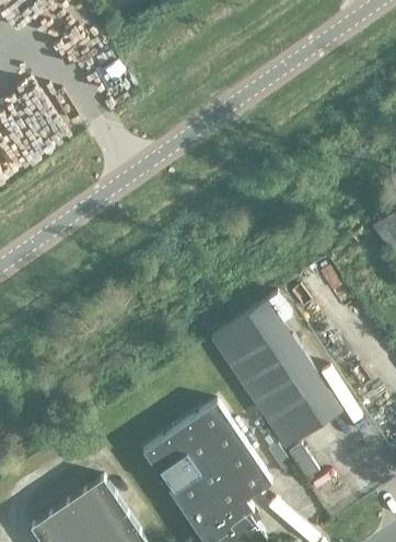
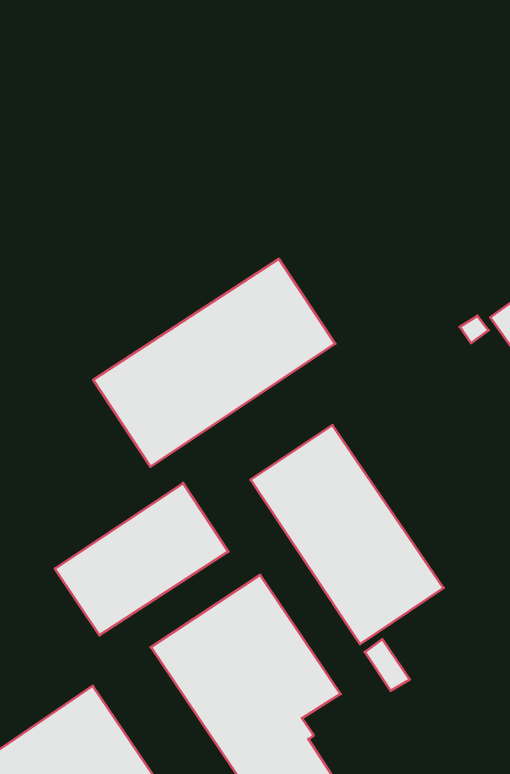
building: none -> [93,259,335,467]
building: none -> [55,483,228,635]

